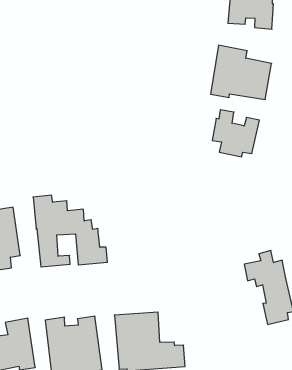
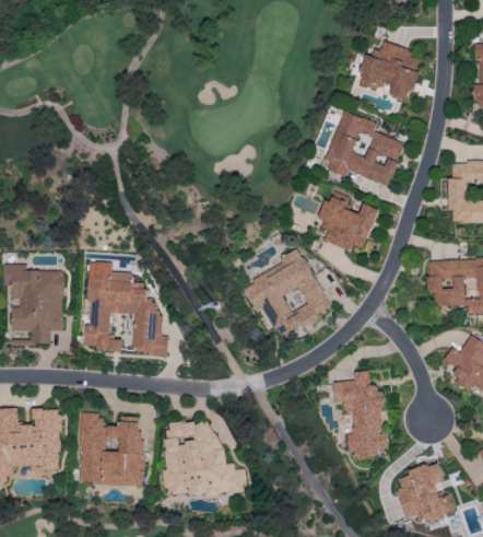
building: none -> [241,247,331,337]

